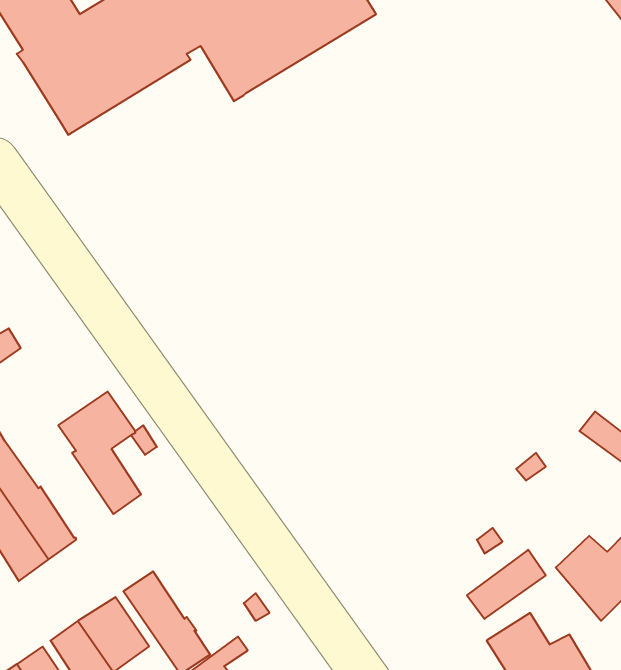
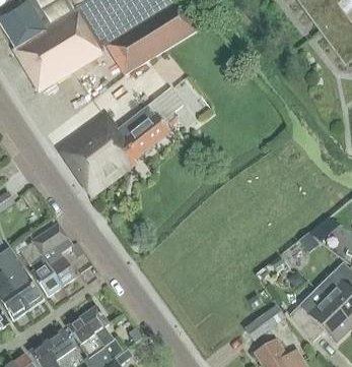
building: none -> [59,86,185,195]
building: none -> [19,241,62,296]
building: none -> [82,305,123,358]

